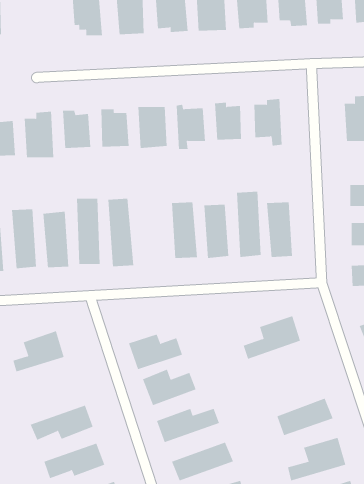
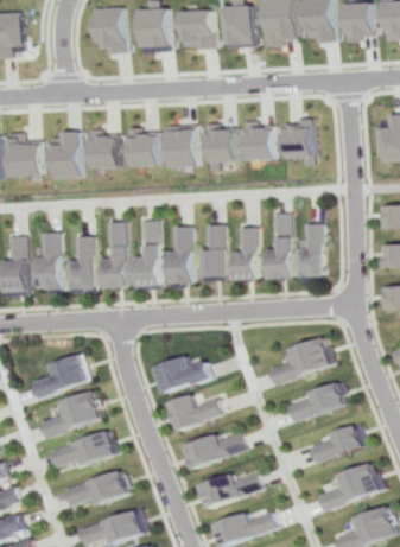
building: none -> [165,224,192,288]
building: none -> [288,383,347,421]
building: none -> [45,390,103,438]

